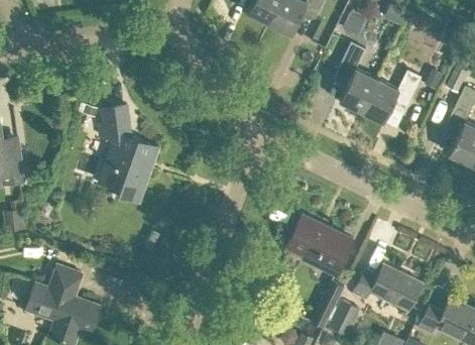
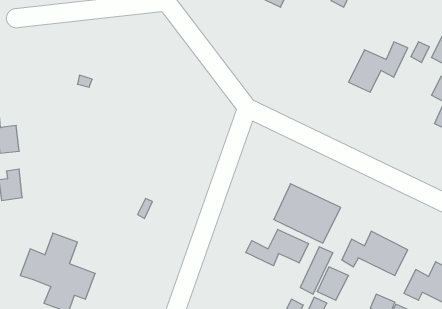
building: [337,42,376,111] -> none
building: [100,105,157,201] -> none
building: none -> [246,229,309,266]

